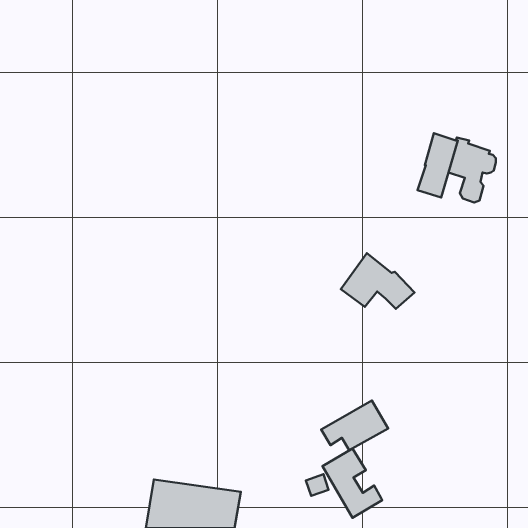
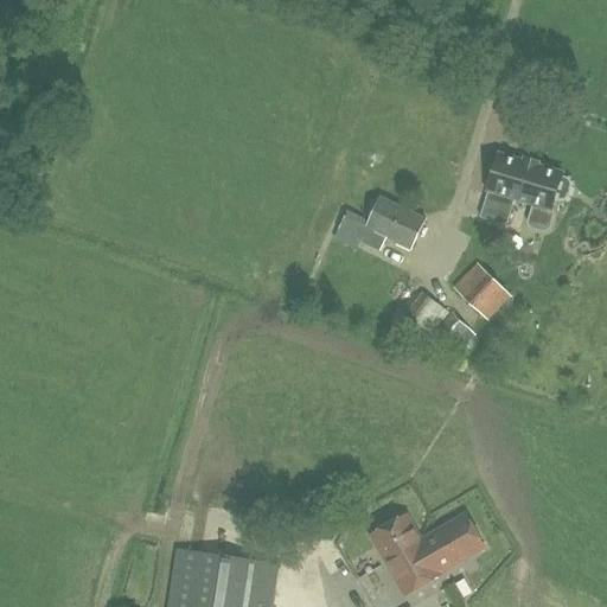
building: none -> [338,197,426,249]
building: none -> [454,263,511,320]
building: [321,401,388,450] -> [405,515,483,571]

